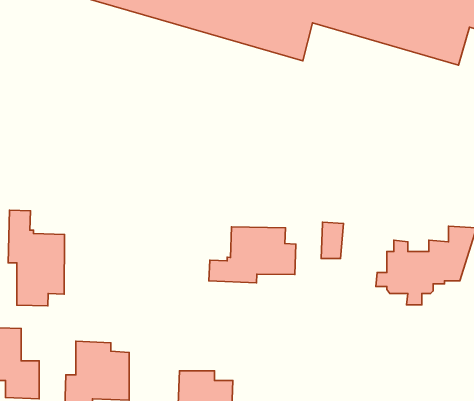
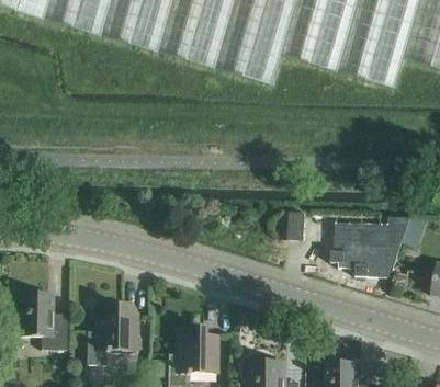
building: [8,210,64,306] -> none
building: [209,227,296,283] -> none

